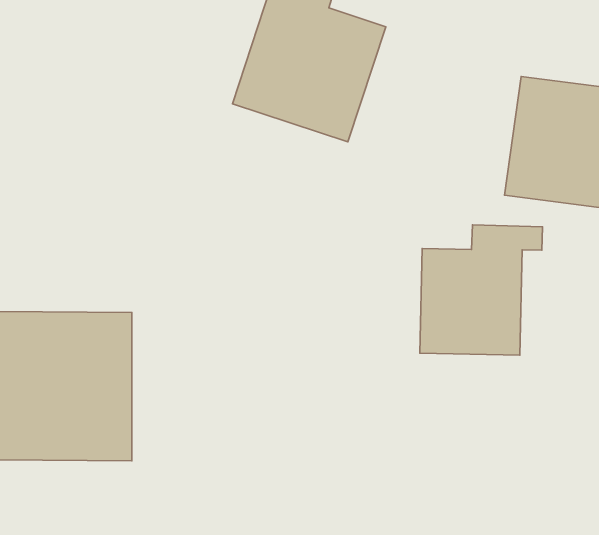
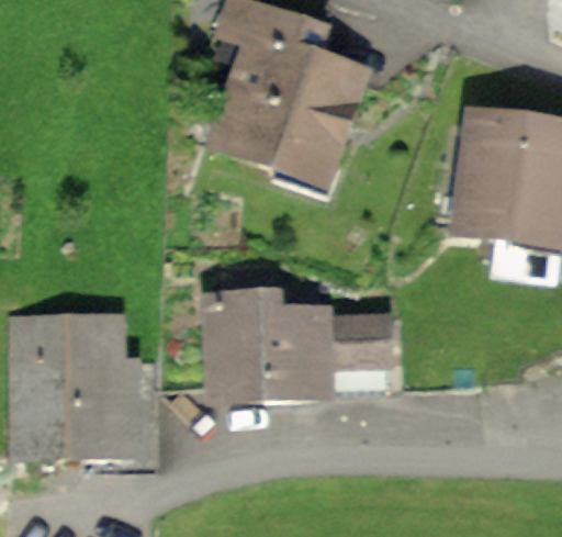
building: [420,225,542,355] -> none
building: none -> [196,301,391,413]

